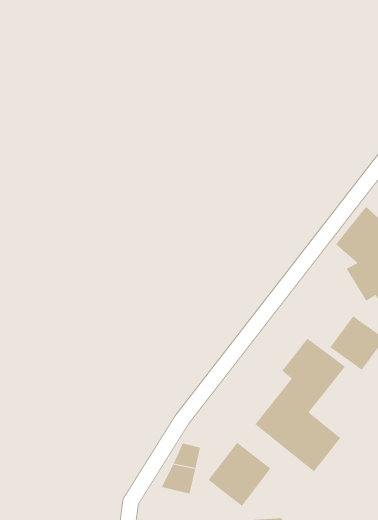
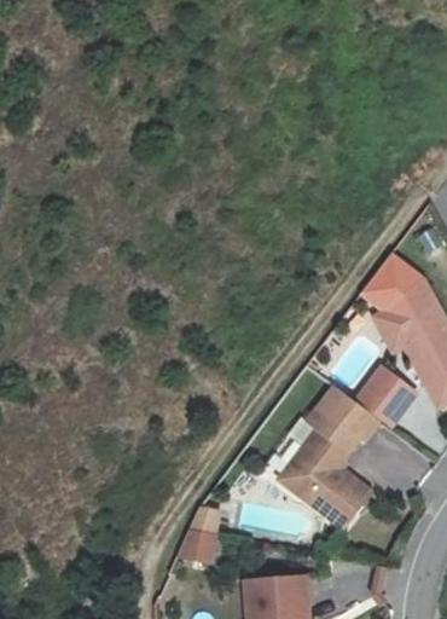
building: [208,442,271,507] -> none

